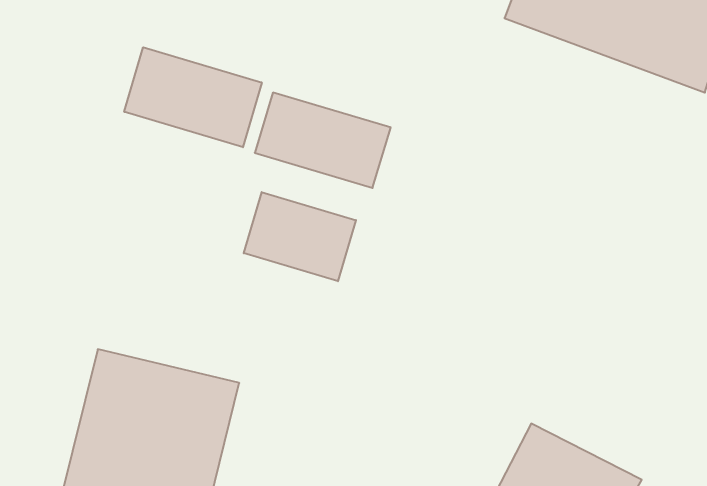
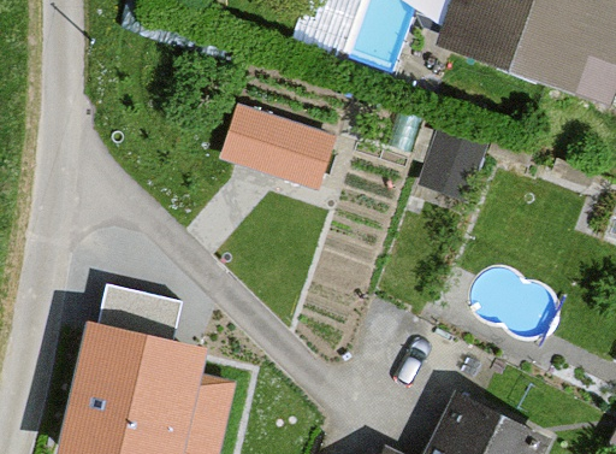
building: [124,47,262,147] -> none
building: [244,192,356,281] -> none

